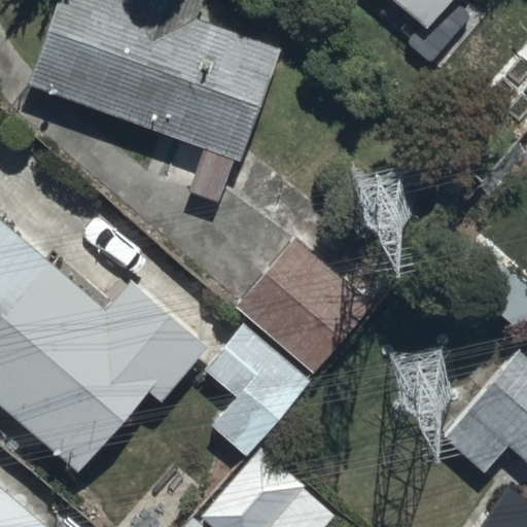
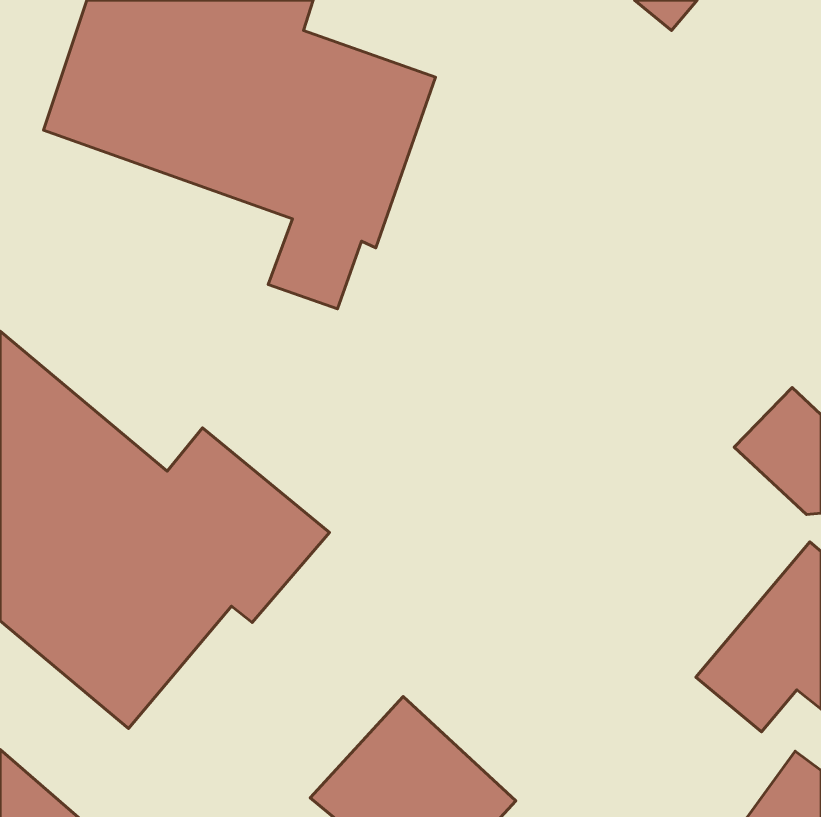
building: [236,241,368,373] -> none
building: [205,326,310,454] -> none

